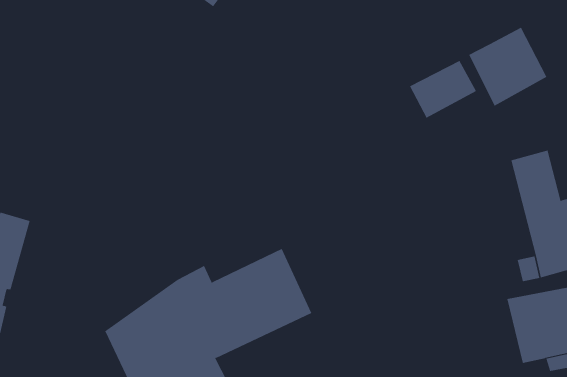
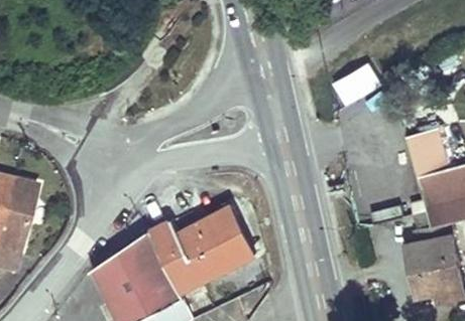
building: [469,27,547,107] -> none

